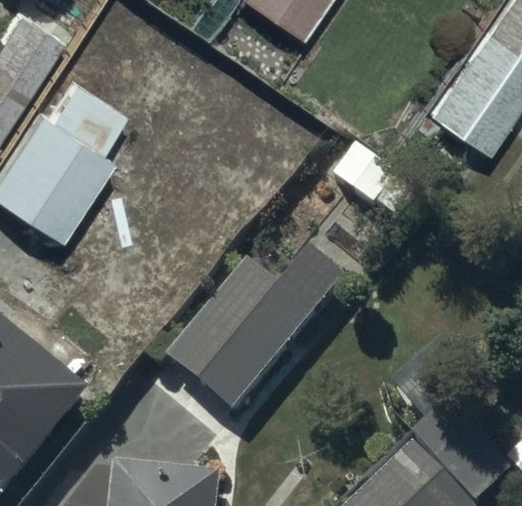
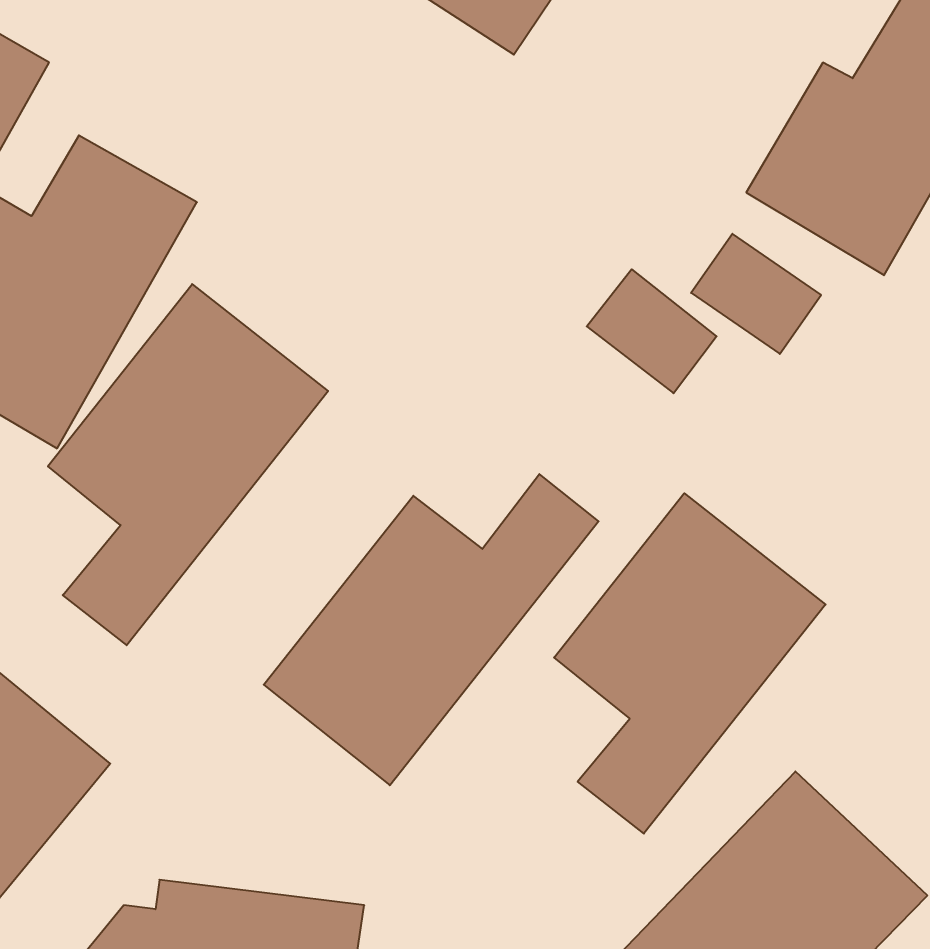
building: none -> [48,284,328,645]
building: none -> [554,493,826,834]

